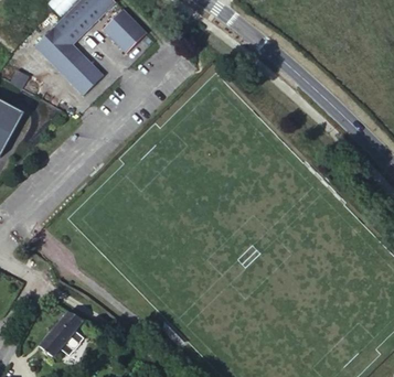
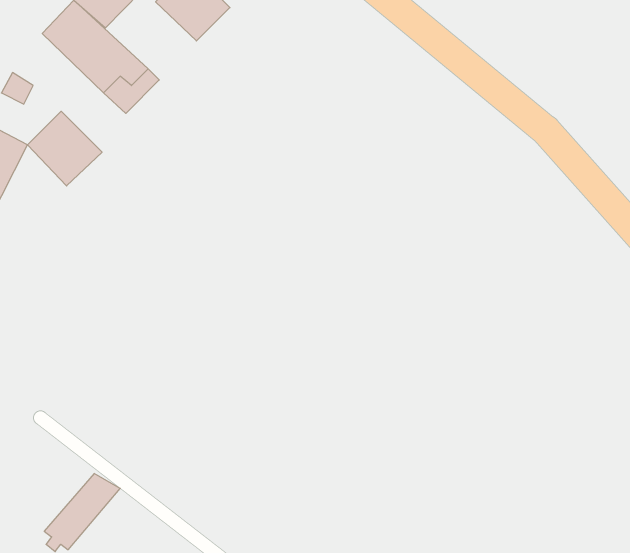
building: none -> [27,111,102,186]

